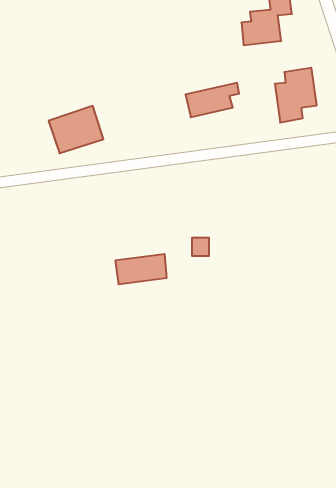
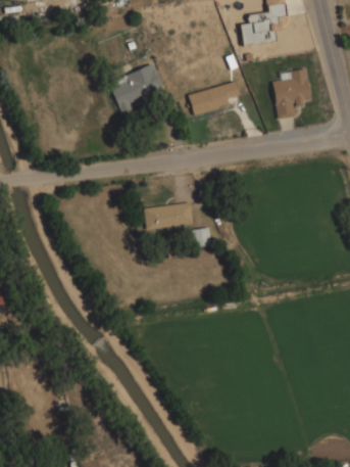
building: [49,106,103,153] -> [110,67,162,112]
building: [115,254,167,284] -> [144,202,193,231]

